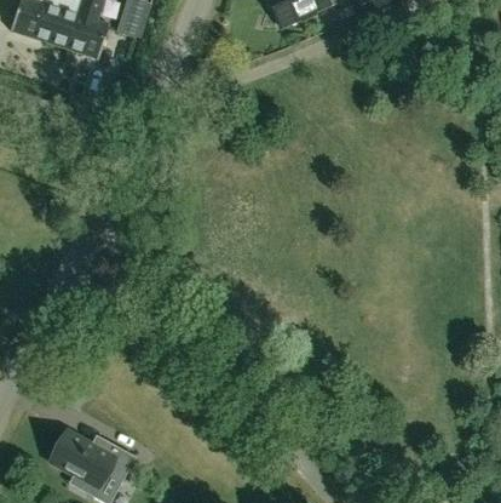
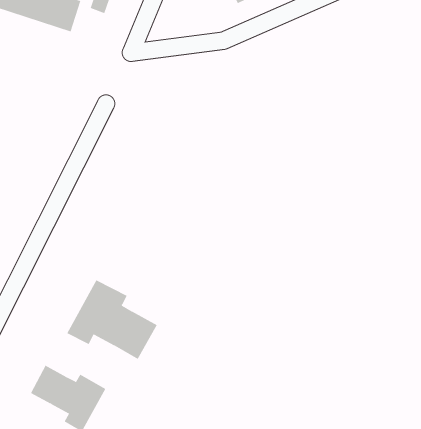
building: none -> [66,279,157,360]

